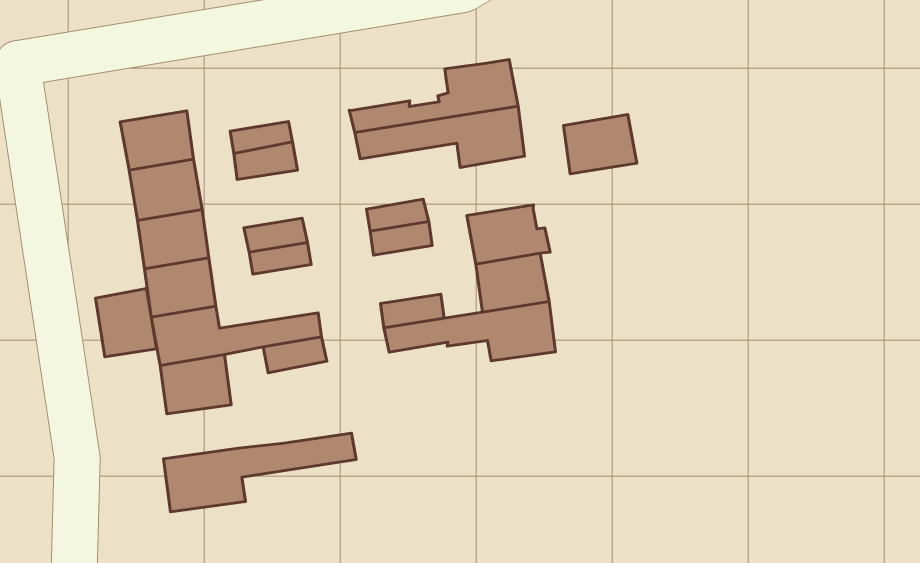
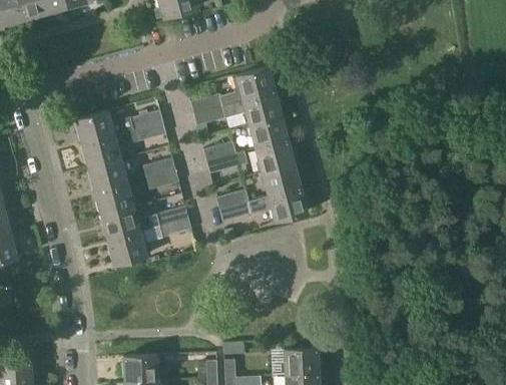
building: [563,115,637,174] -> [248,115,288,148]
building: [95,289,157,357] -> none
building: [164,433,356,512] -> none

